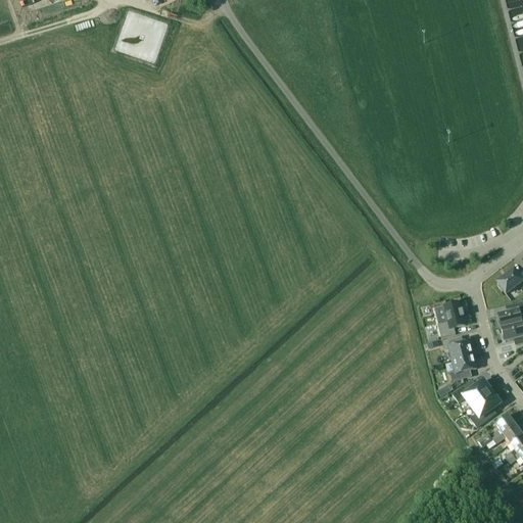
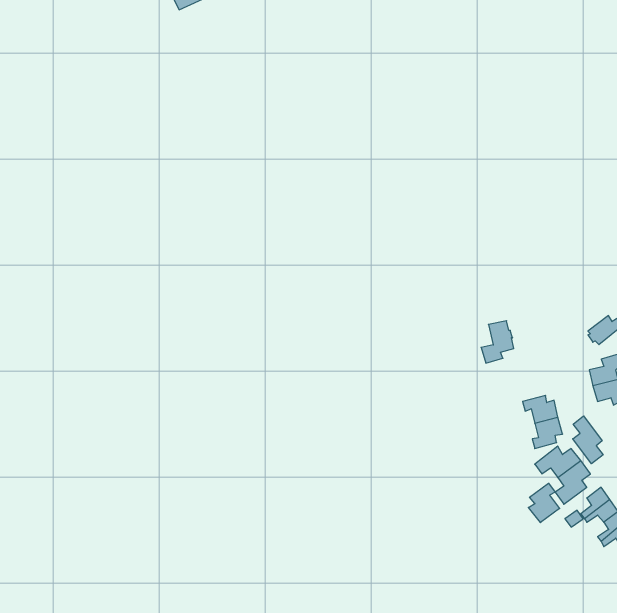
building: [438,299,466,335] -> [481,321,514,363]
building: none -> [573,416,603,464]
building: none -> [528,483,560,523]

